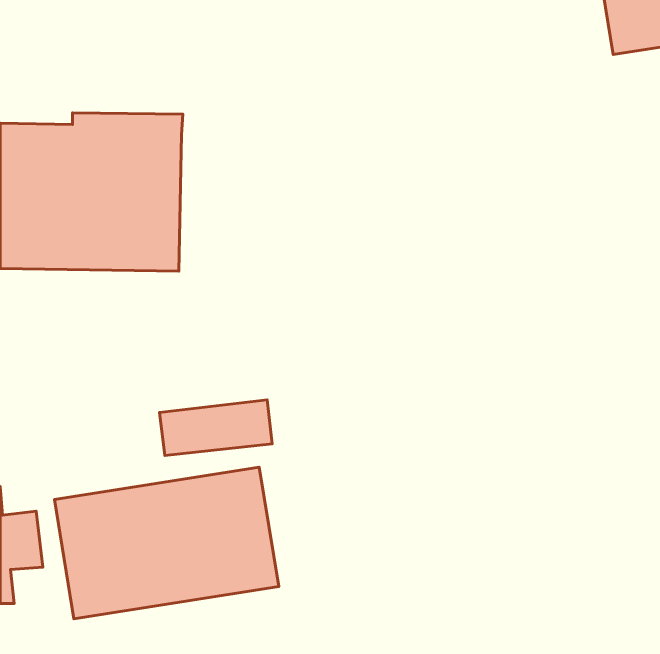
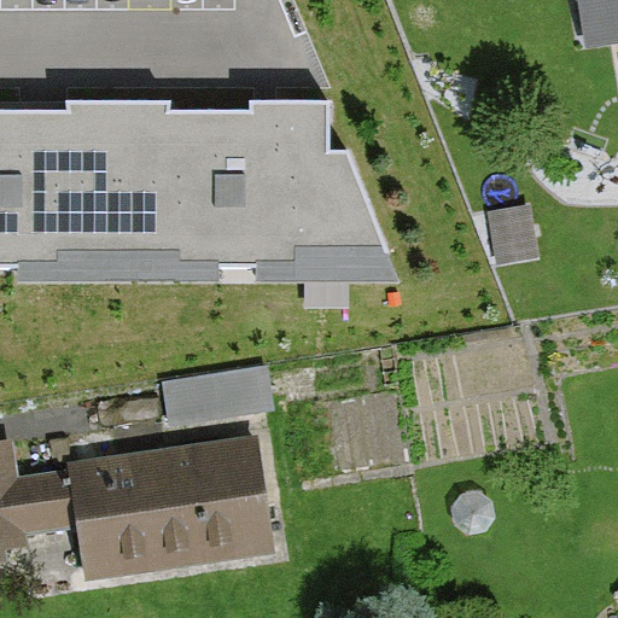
building: none -> [169,110,393,256]

